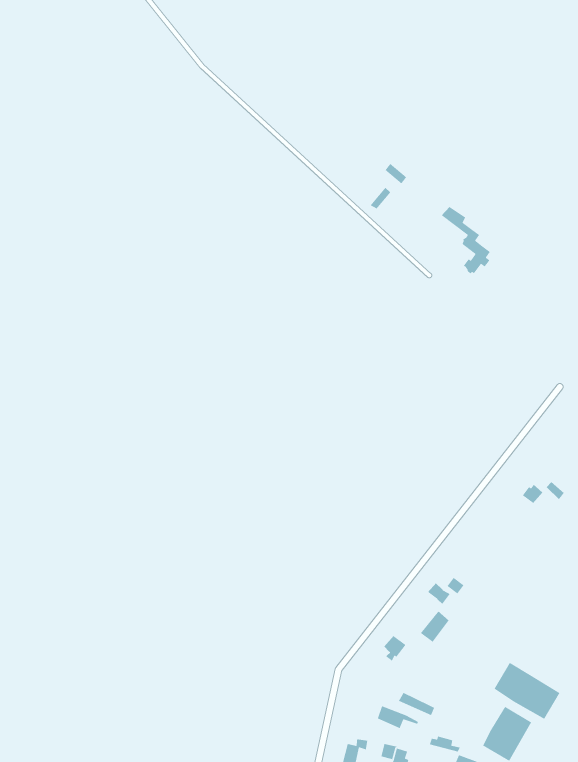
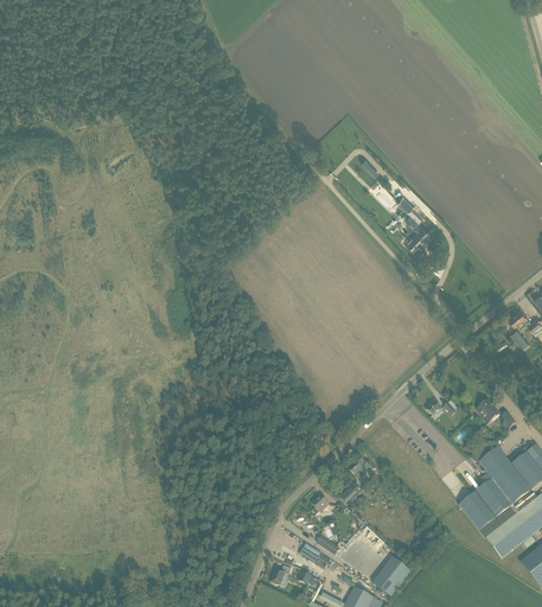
building: [494,662,560,720] -> none

